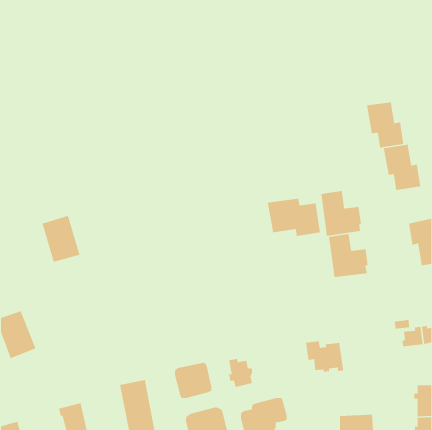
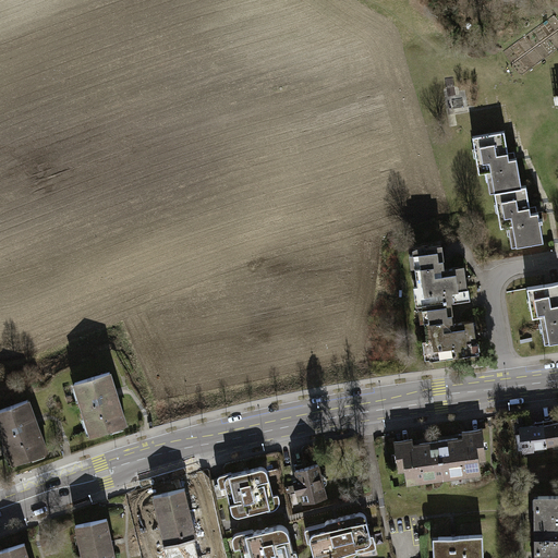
building: [267,198,321,237] -> none
building: [41,215,80,263] -> [75,375,125,437]
building: none -> [438,432,485,481]

